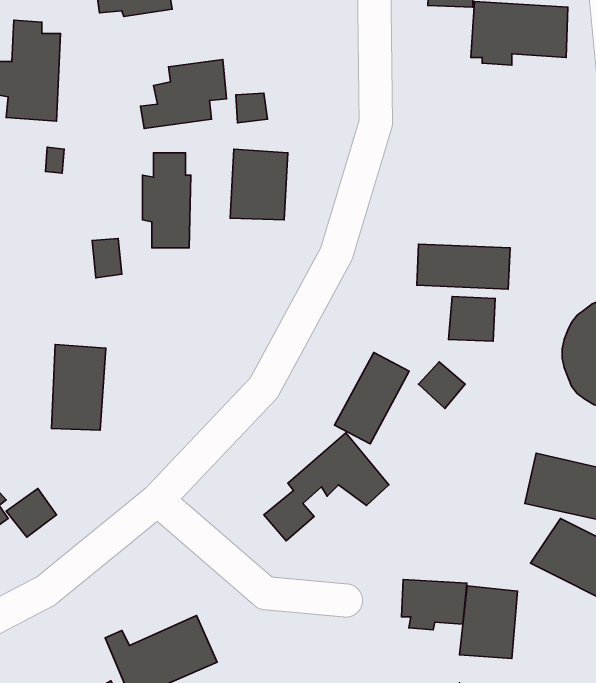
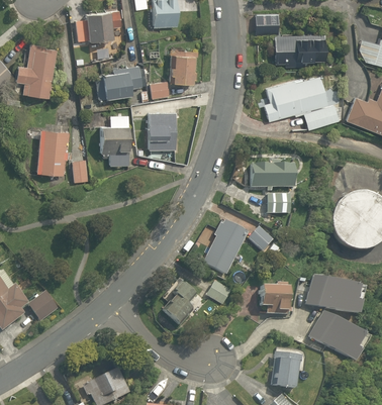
building: none -> [172,45,200,84]
building: none -> [261,75,341,127]
building: [52,344,106,430] -> [38,128,68,175]
building: [401,579,467,630] -> [262,288,297,315]

